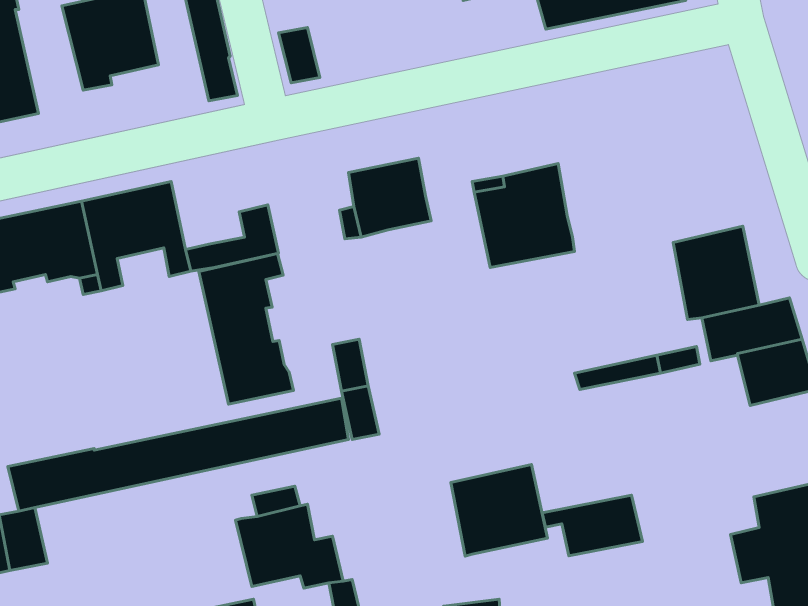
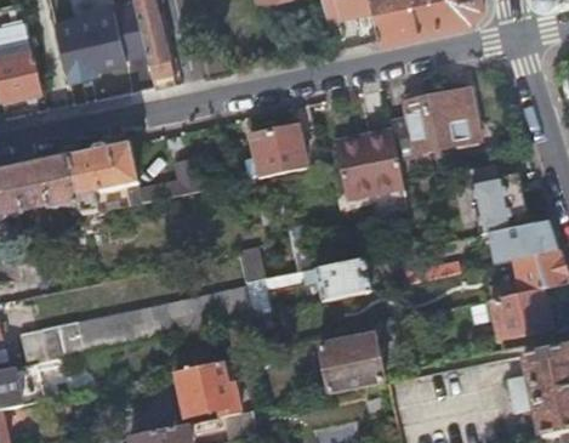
building: none -> [388,89,478,164]
building: [199,253,293,404] -> none
building: none -> [490,288,550,337]
building: [542,495,642,556] -> [302,259,370,300]

